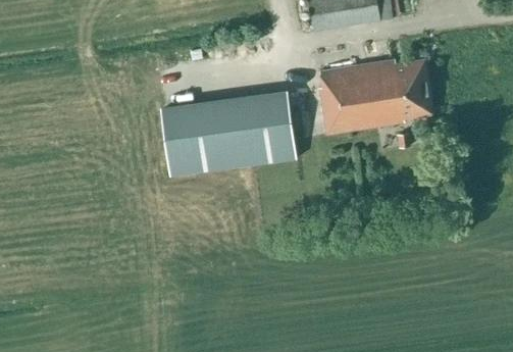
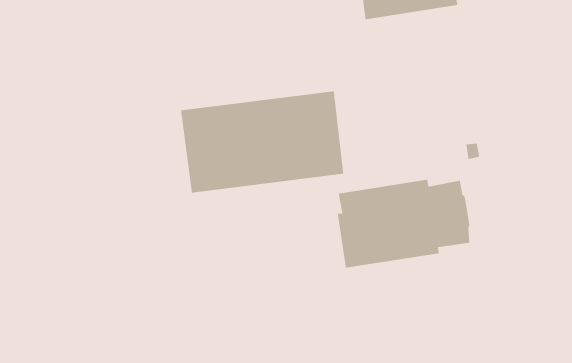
building: [319,58,431,134] -> [337,179,470,269]

